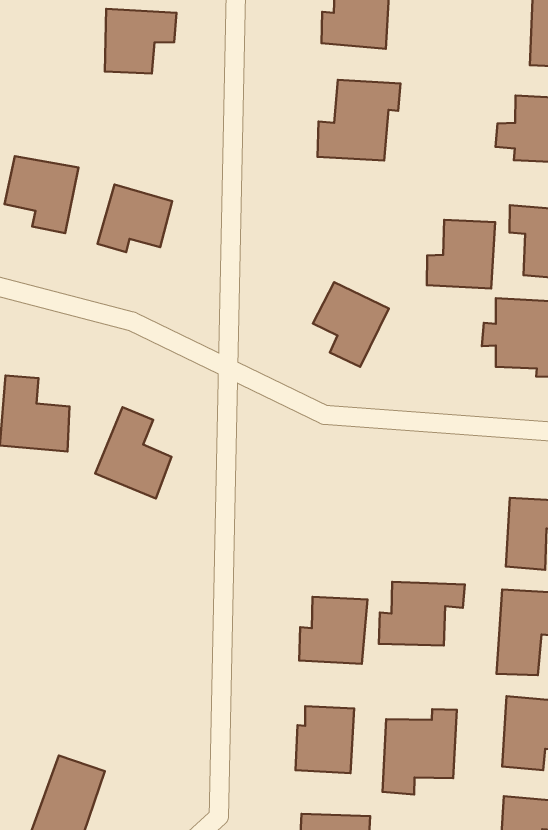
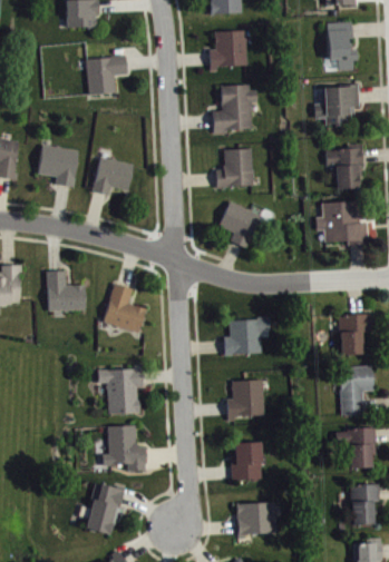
building: [427,220,495,289] -> [215,148,253,187]
building: none -> [97,368,143,414]
building: [379,582,465,645] -> [223,317,270,355]
building: none -> [103,425,146,471]
building: [382,709,457,795] -> none

